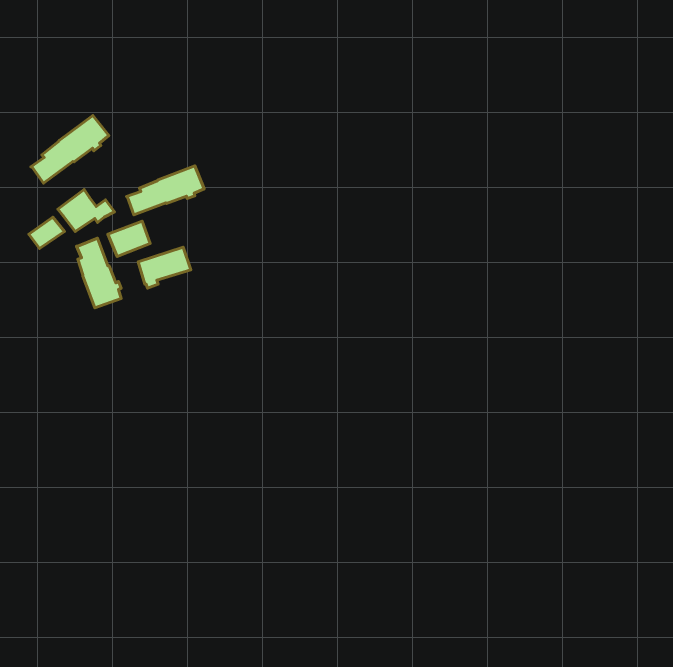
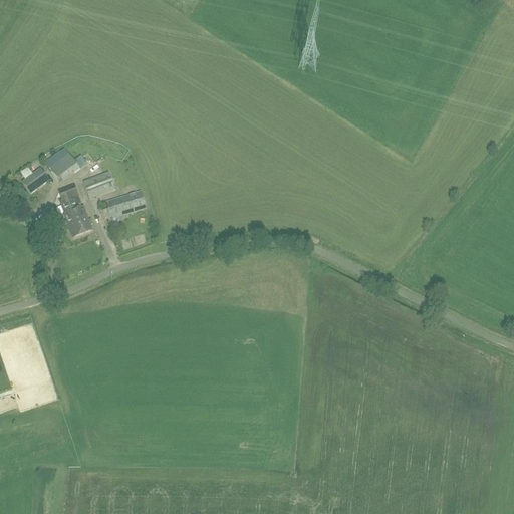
building: [31,115,109,183] -> none
building: [127,166,204,215] -> none

